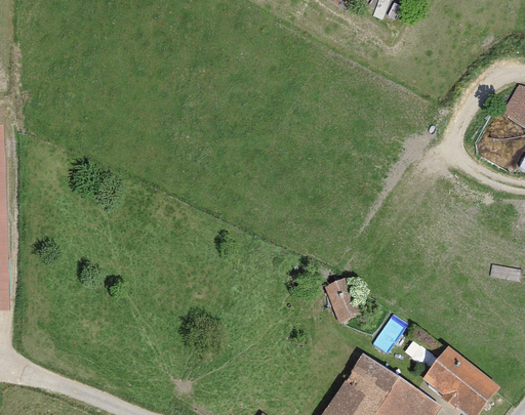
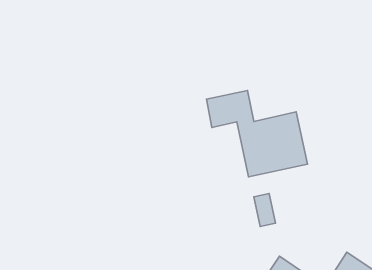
building: none -> [206,90,308,177]

